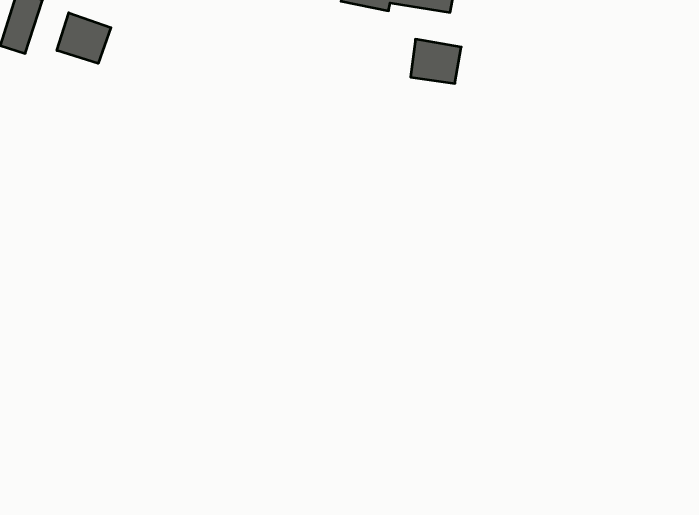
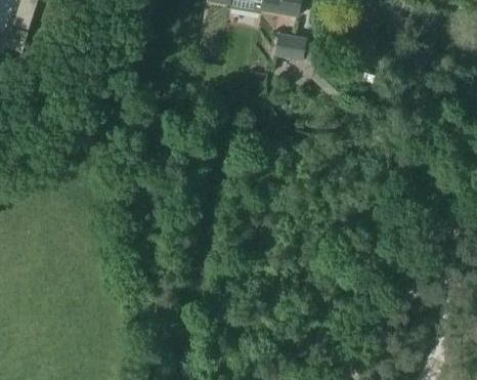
building: [57,13,111,63] -> none

